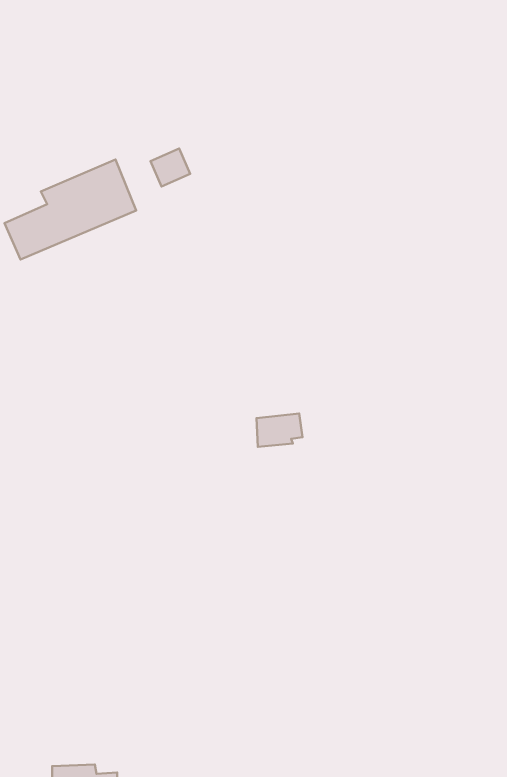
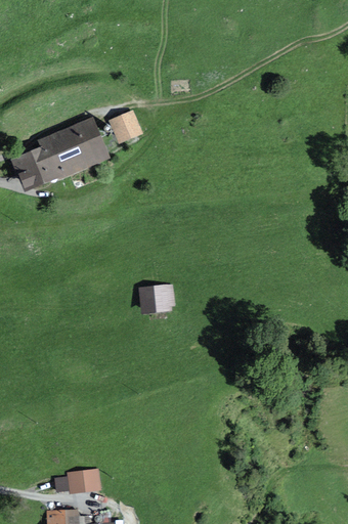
building: [256,413,302,447] -> [141,288,171,309]
building: none -> [68,471,95,490]

